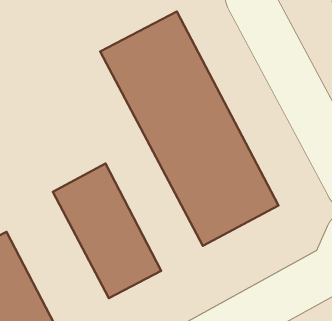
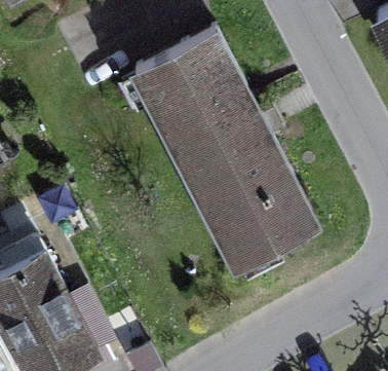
building: [53,164,161,298] -> none

